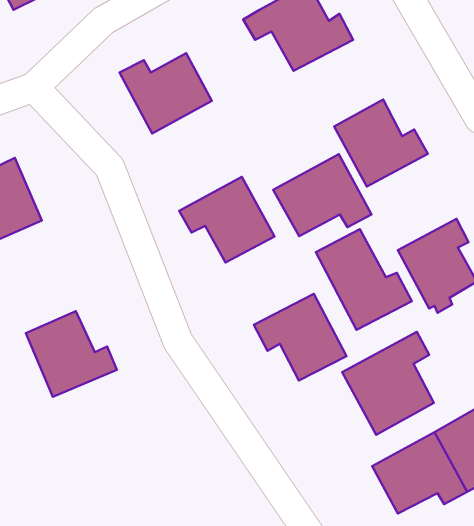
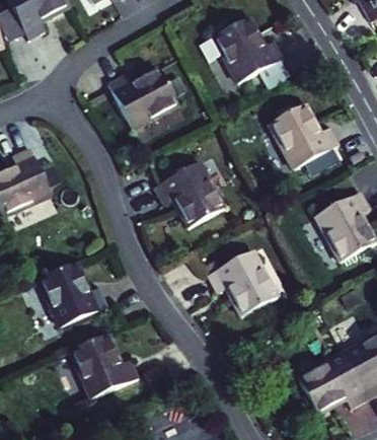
building: [273,154,372,236] -> none
building: [316,229,412,330] -> none
building: [342,332,434,435] -> none
building: none -> [69,332,137,397]

